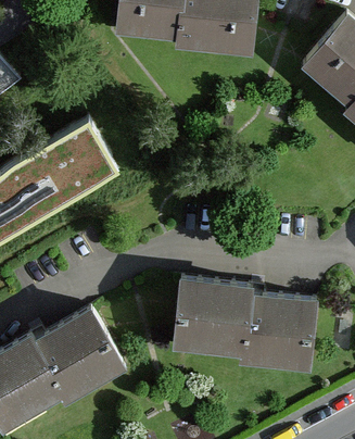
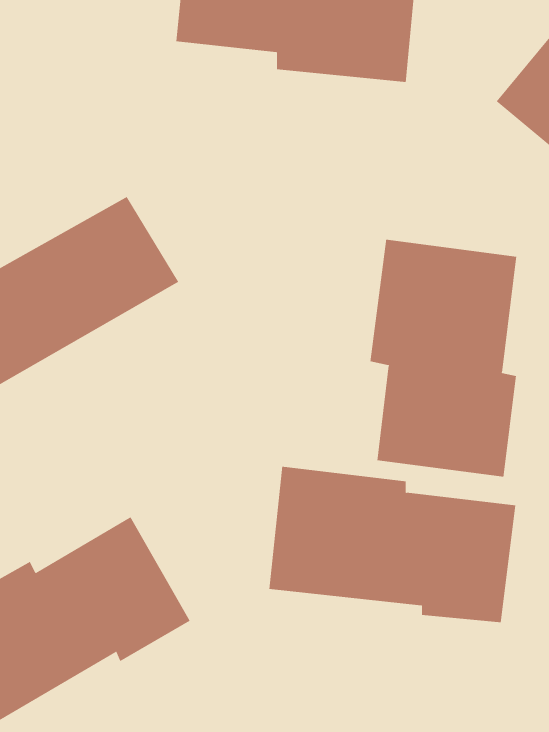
building: none -> [370,239,517,477]

